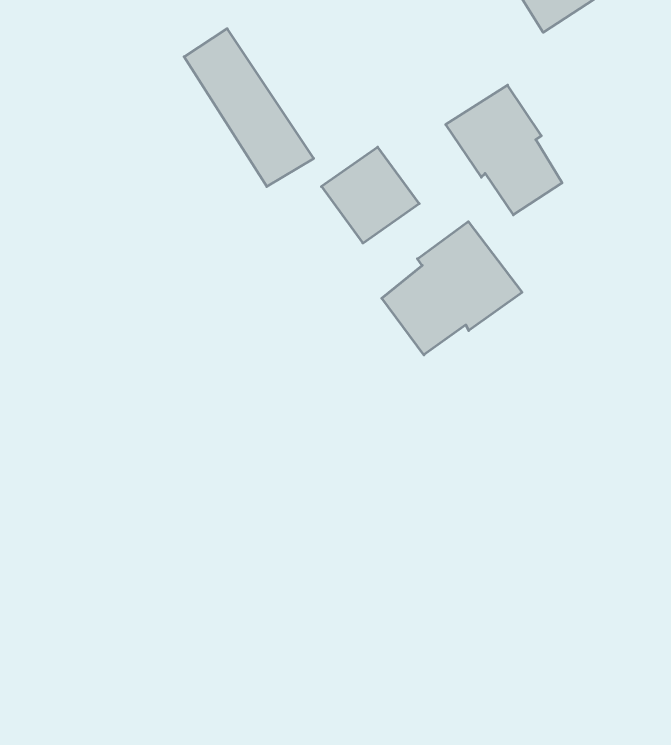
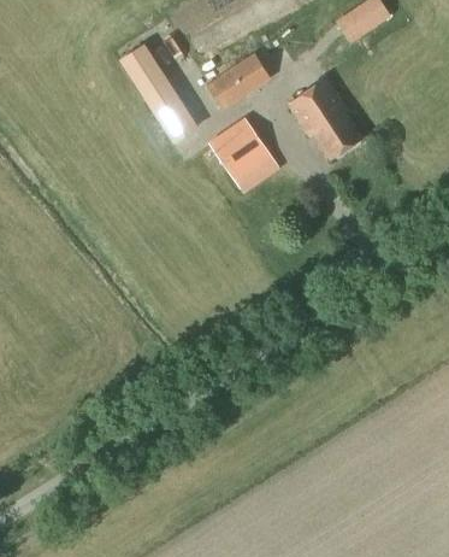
building: none -> [206,52,273,111]
building: [382,222,522,355] -> none

